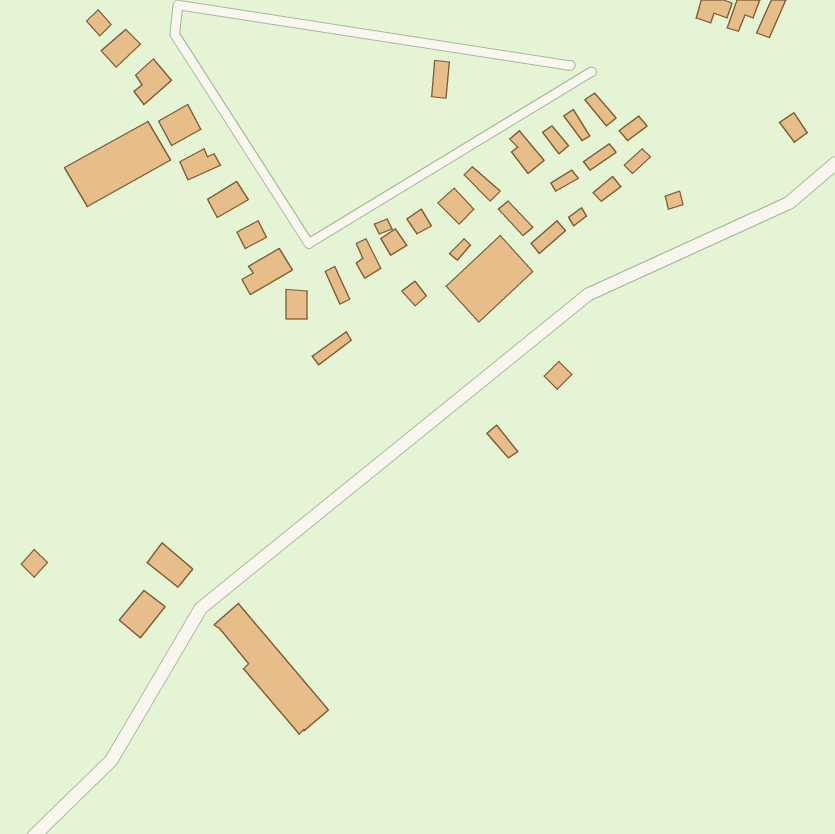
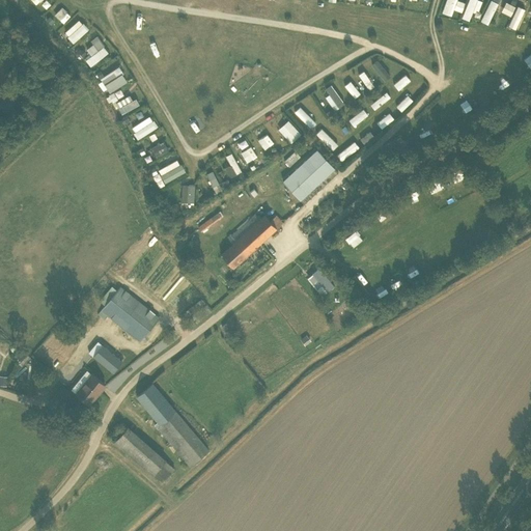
building: [65,121,170,207] -> none
building: none -> [221,216,283,269]
building: none -> [102,286,160,341]
building: none -> [115,428,166,476]

